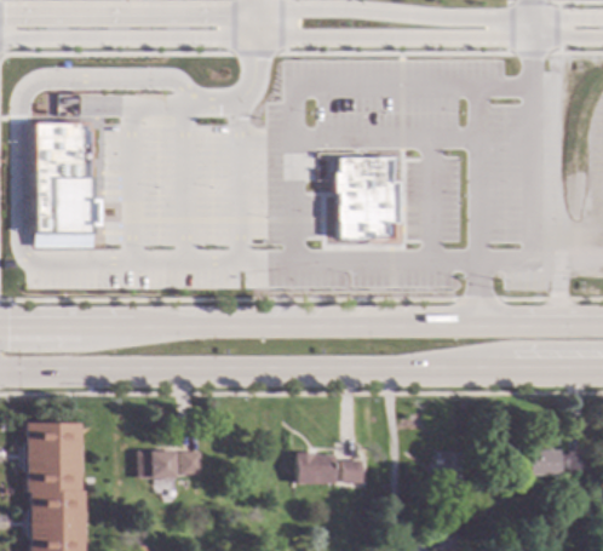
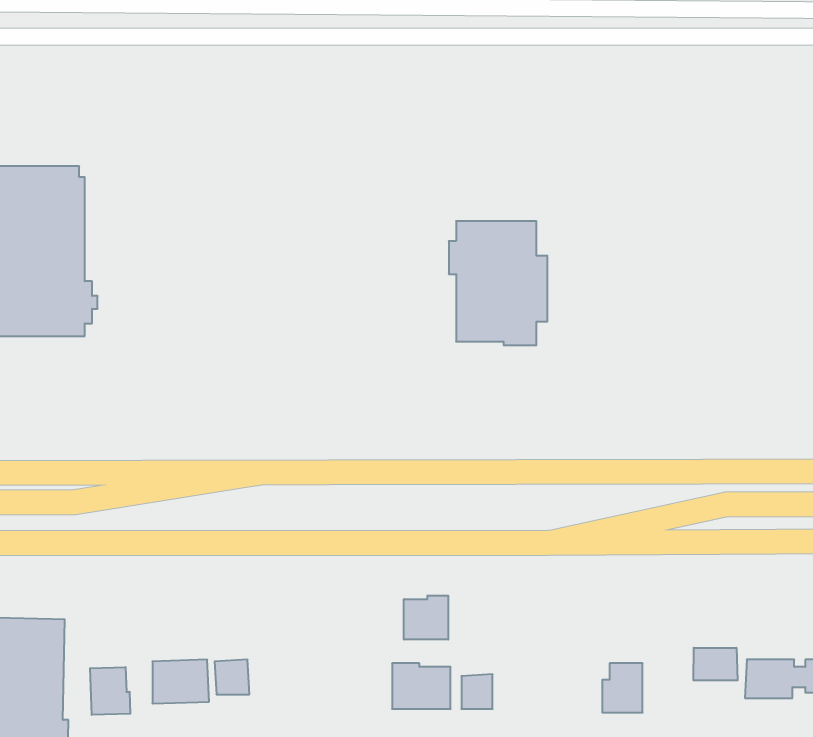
building: none -> [404,596,448,640]
building: none -> [693,648,738,680]
building: none -> [90,667,130,715]

